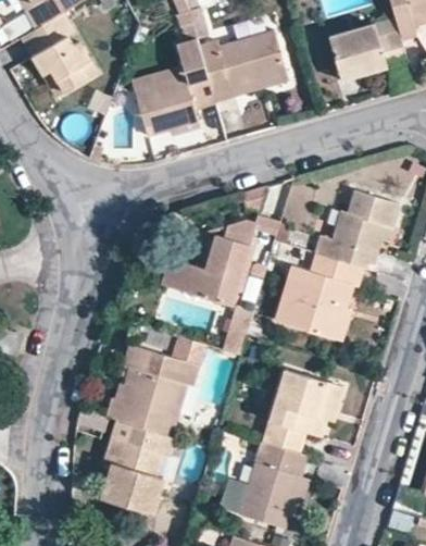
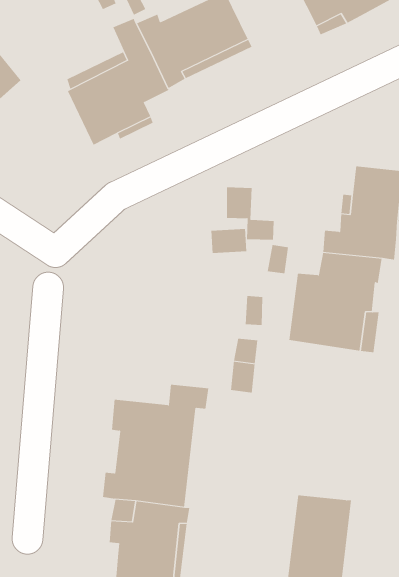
building: [165,237,249,305] -> none
building: [262,368,343,452] -> none

